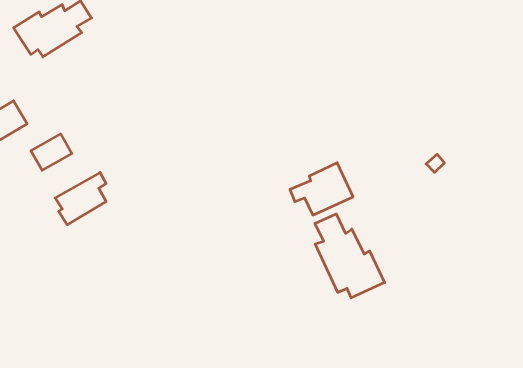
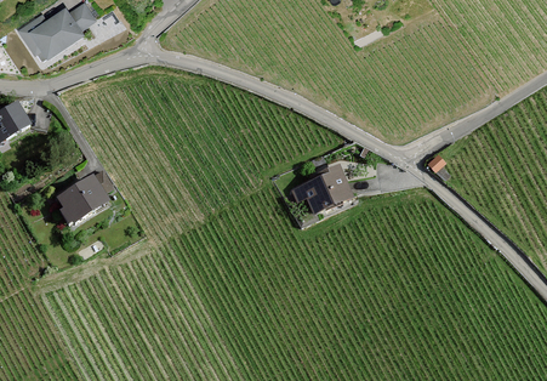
building: [31,134,72,170] -> none
building: [315,214,385,298] -> none

